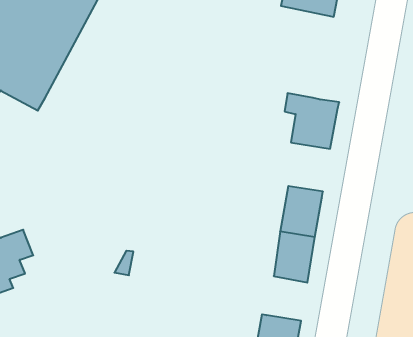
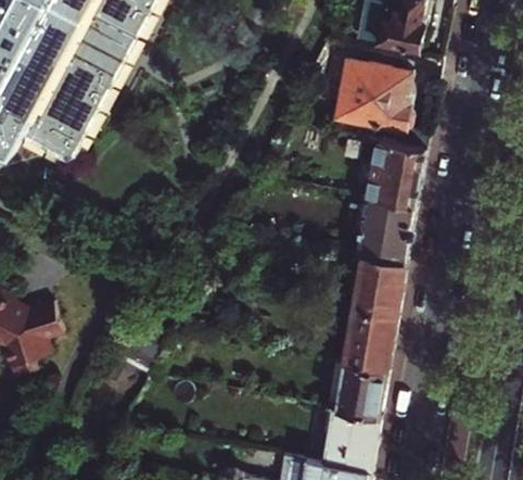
building: none -> [335,61,429,151]
building: none -> [359,199,416,257]
building: none -> [340,358,388,412]

